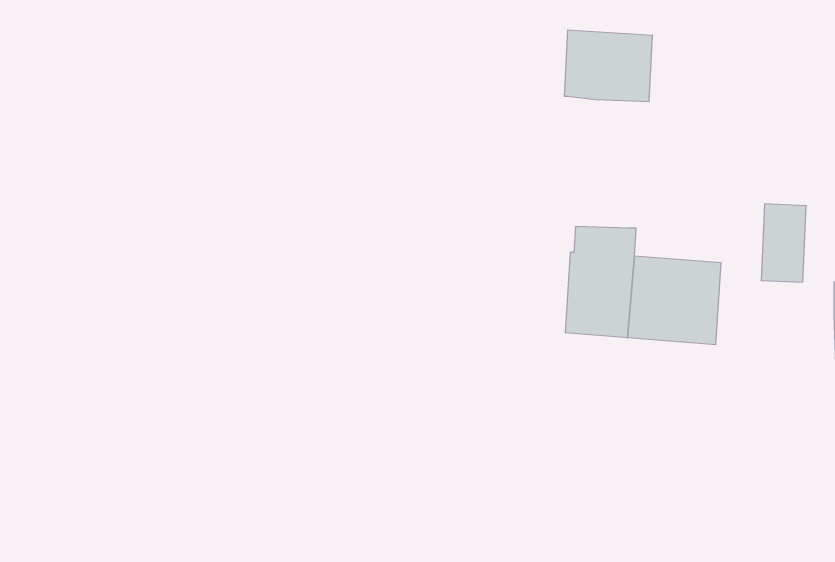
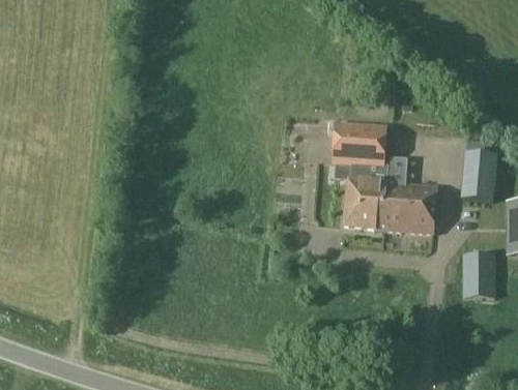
building: [564,30,653,101] -> [334,122,386,164]
building: none -> [463,251,495,298]

